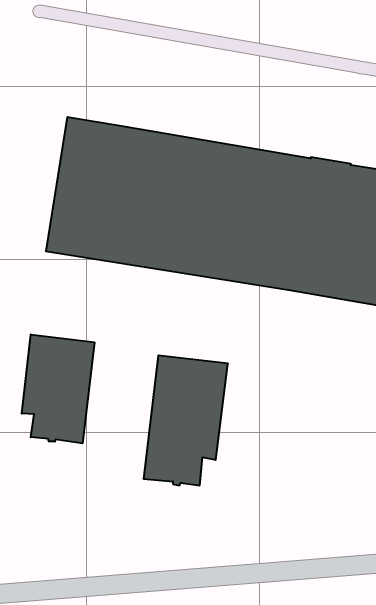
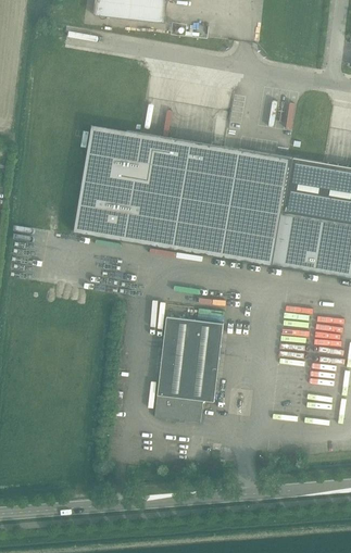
building: [22,334,94,443] -> none

